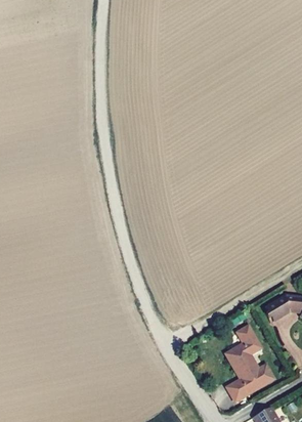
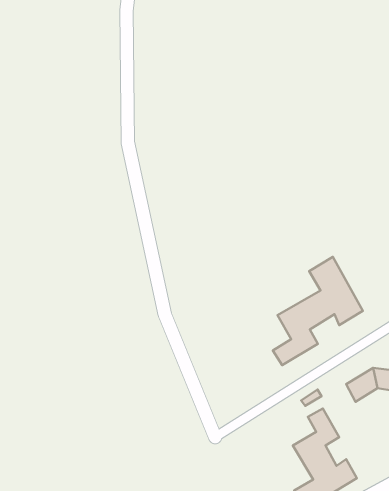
building: none -> [273,257,363,365]

